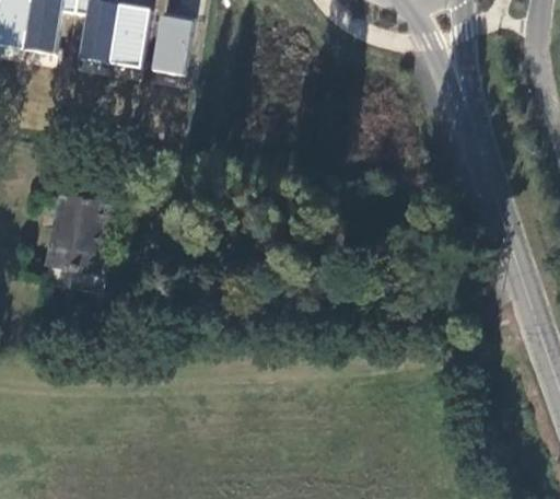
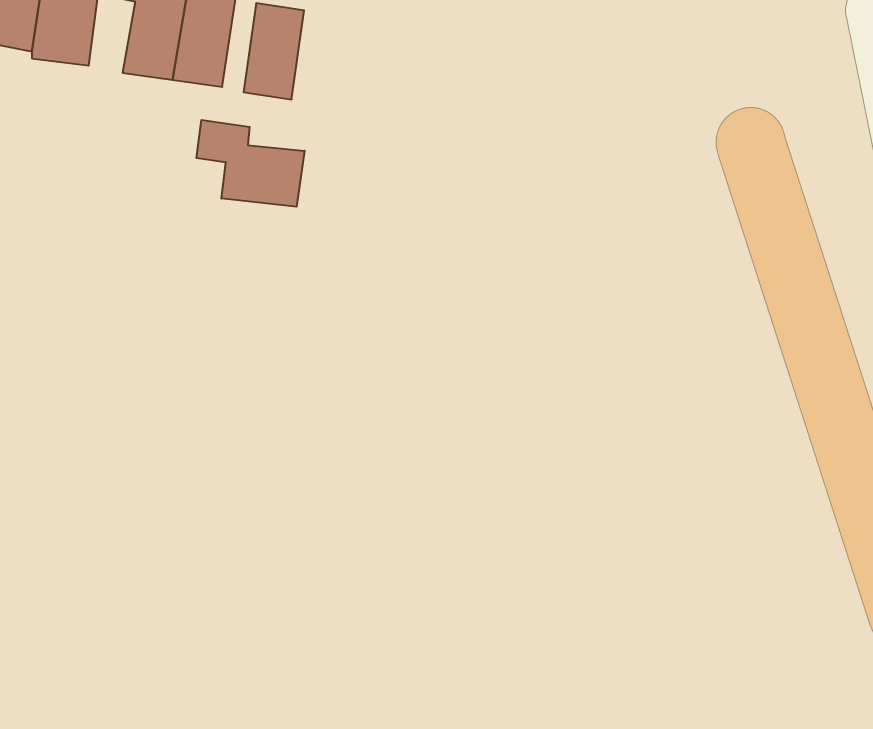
building: none -> [196,120,305,207]
building: [48,197,113,274] -> none

